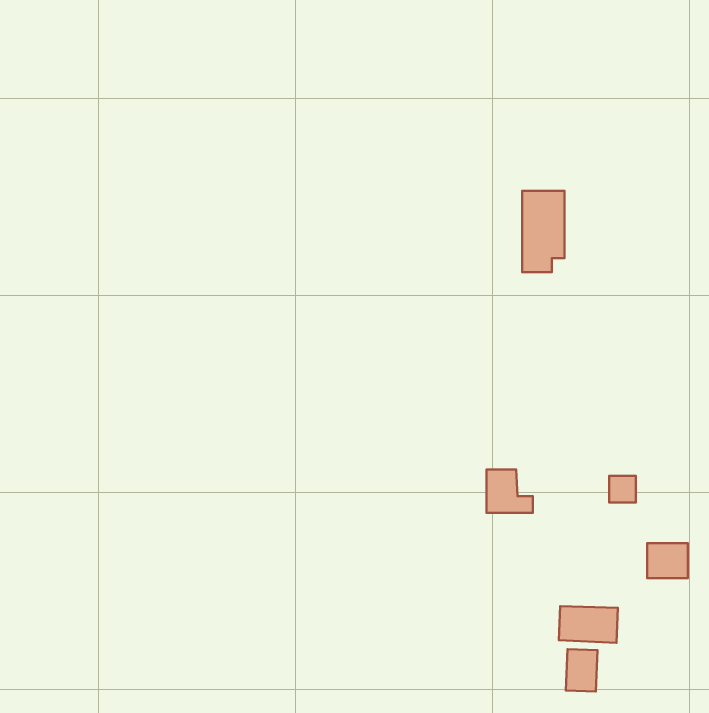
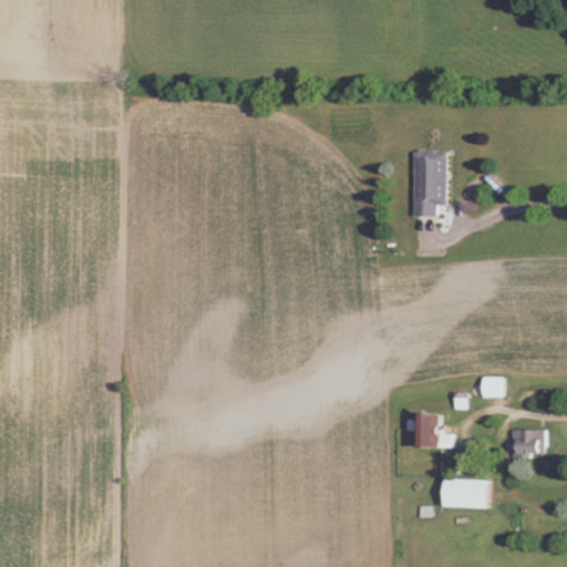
building: [487,469,533,513] -> [414,412,451,446]
building: [566,649,598,692] -> none

